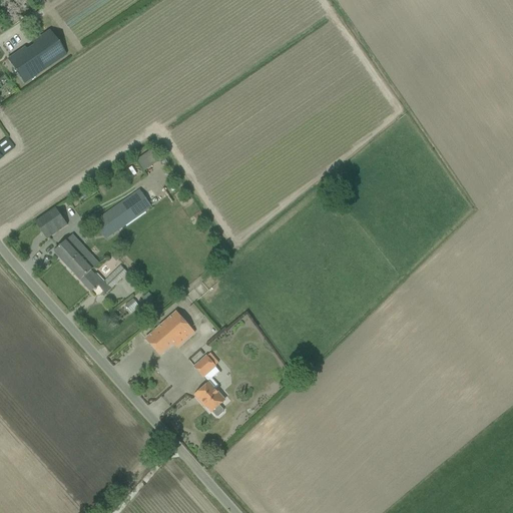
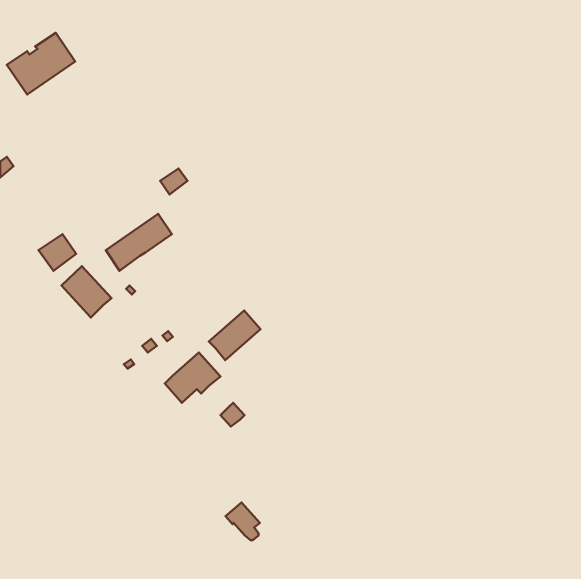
building: [80,266,128,293] -> none
building: none -> [209,310,260,360]
building: [194,382,224,415] -> [226,502,260,540]

